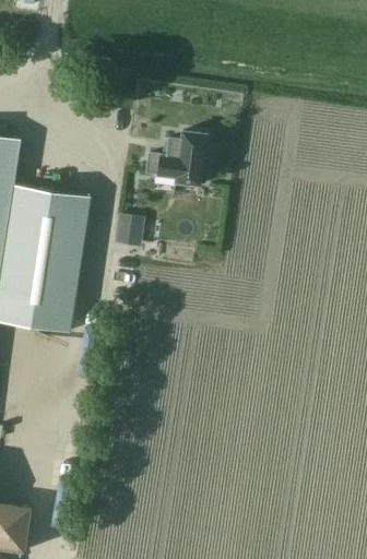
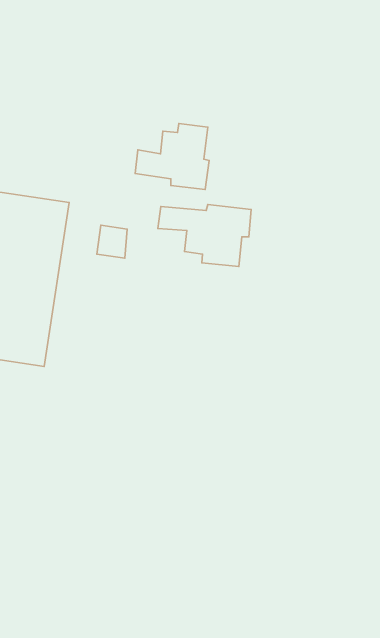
building: none -> [158,205,251,266]

